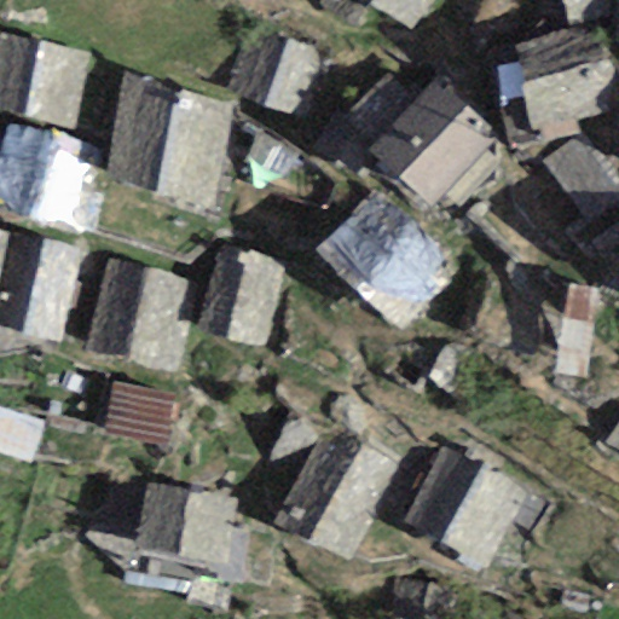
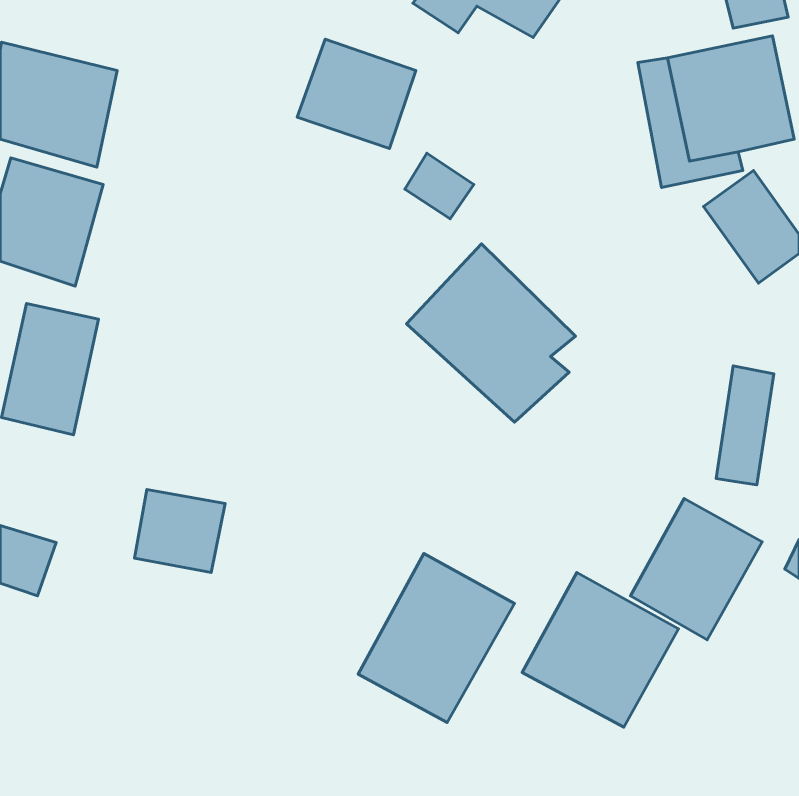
building: [345,76,497,206] -> none
building: [104,81,230,207] -> none
building: [198,247,283,345] -> none
building: [87,260,192,365] -> none
building: none -> [630,499,762,640]
building: [135,482,237,569] -> none

